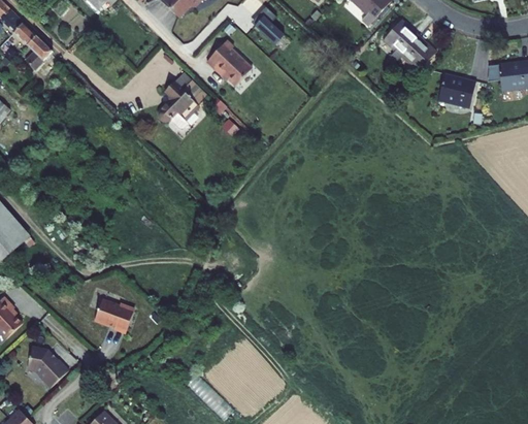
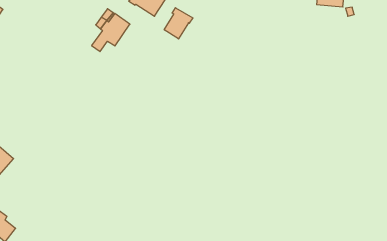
building: none -> [164,8,193,39]
building: [95,298,134,331] -> none

